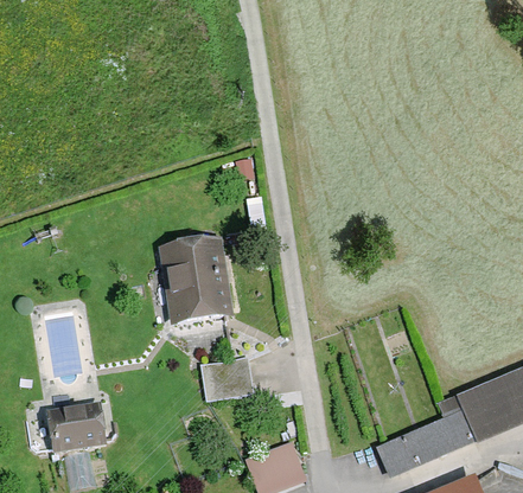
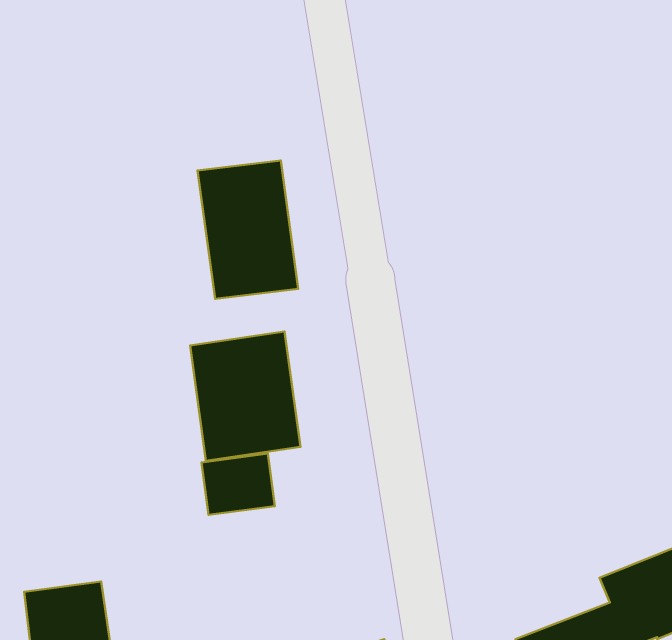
building: none -> [198,160,298,299]
building: [199,358,249,399] -> [201,454,275,515]

